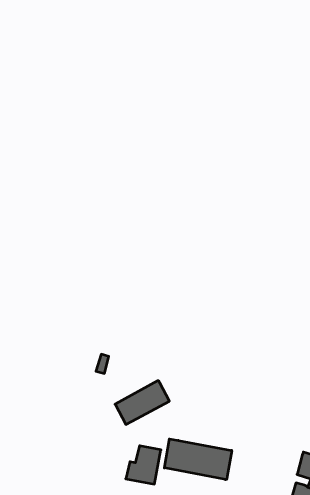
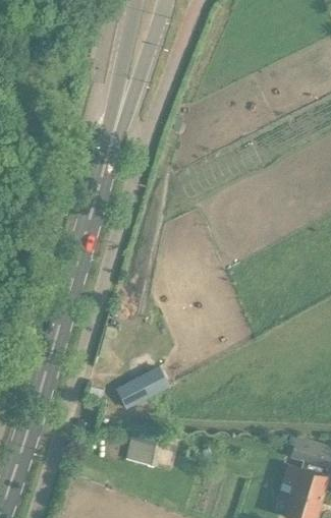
building: [164,439,232,480] -> none

